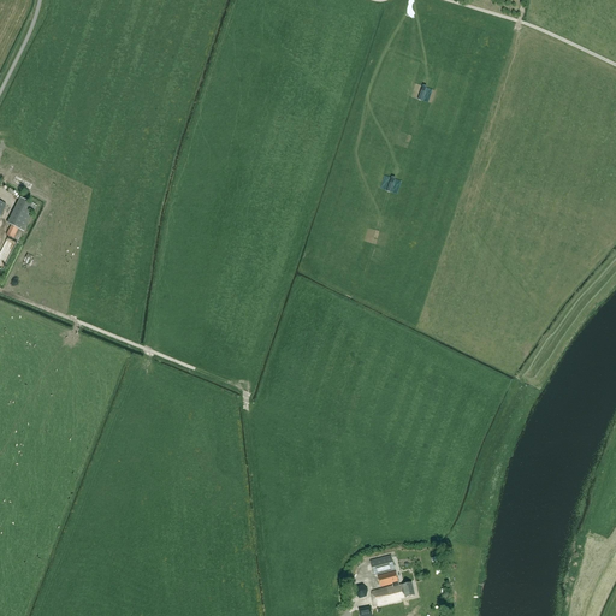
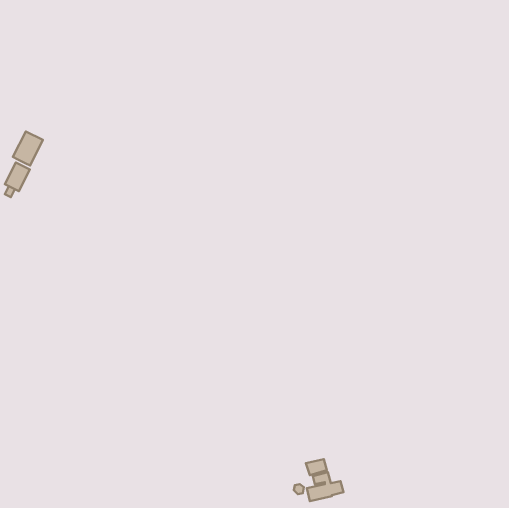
building: none -> [13,131,43,166]

